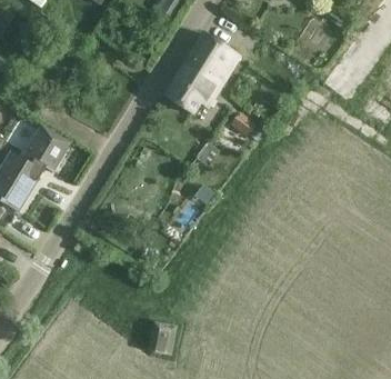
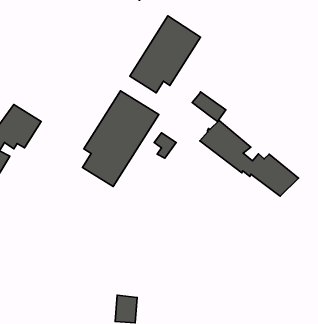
building: none -> [83,91,159,187]
building: none -> [200,121,299,196]

